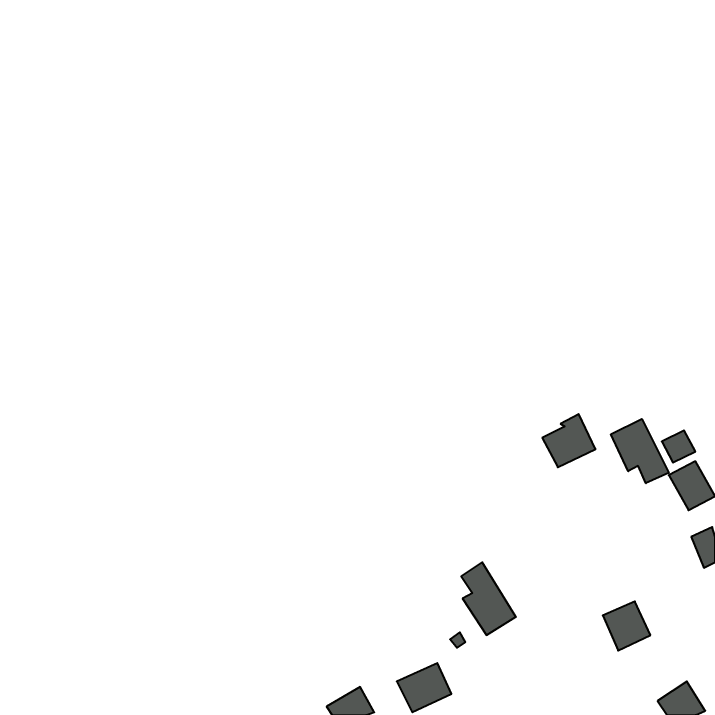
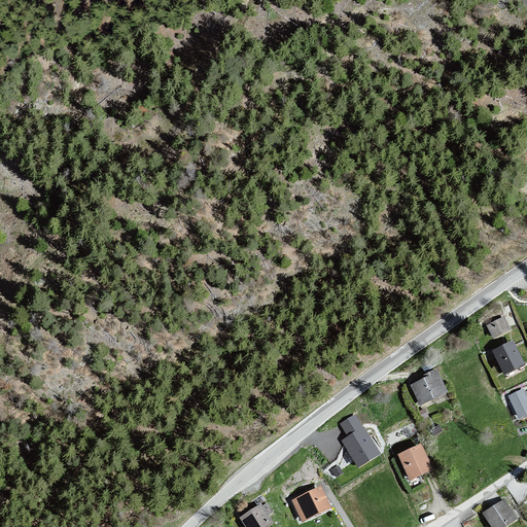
building: [542,414,596,467] -> [409,366,448,406]
building: [611,419,669,483] -> none
building: [603,601,650,651] -> [399,446,434,482]

